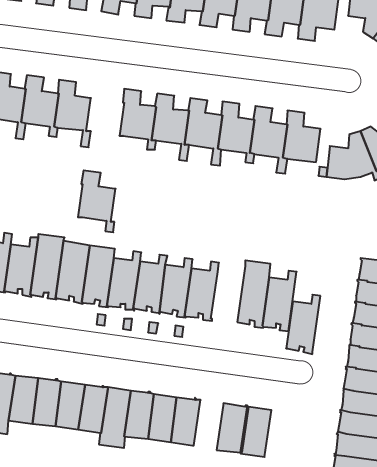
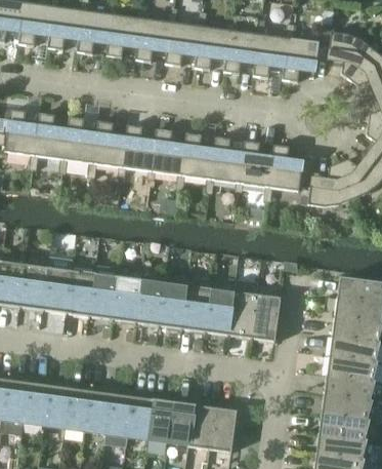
building: [78,170,116,232] -> [93,121,127,177]
building: [286,295,320,354] -> [205,283,236,337]
building: [241,407,271,457] -> [188,404,216,450]

